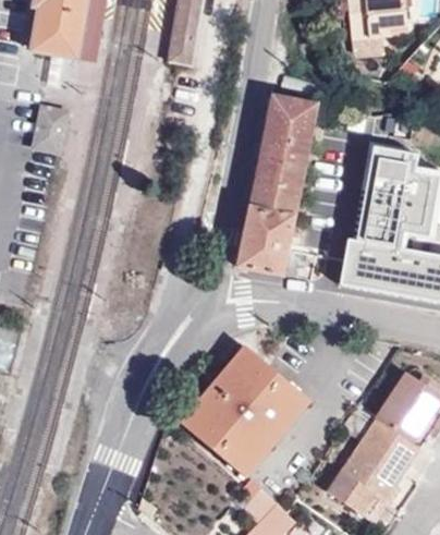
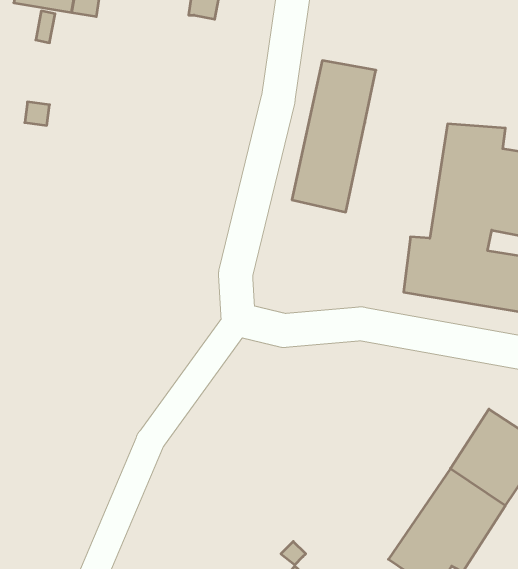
building: [237,206,293,273] -> none
building: [182,346,310,476] -> none

